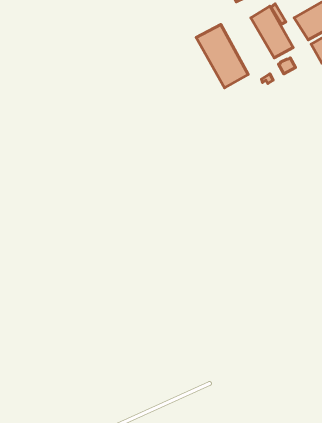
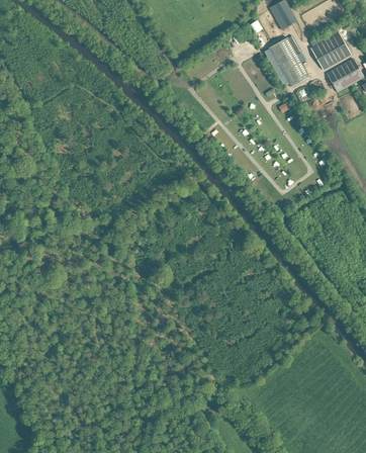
building: [196,25,248,88] -> none

